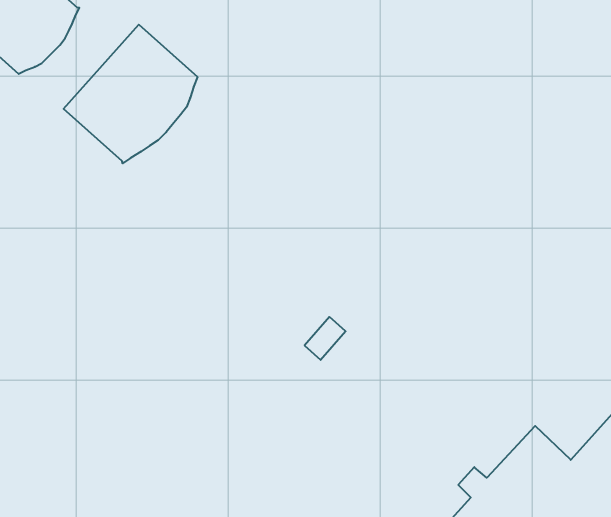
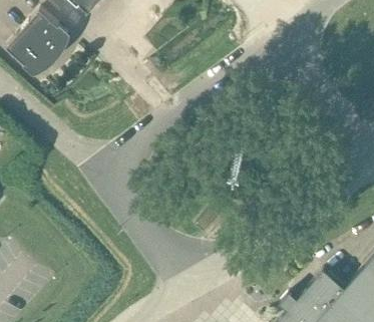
building: [64,25,197,163] -> none

